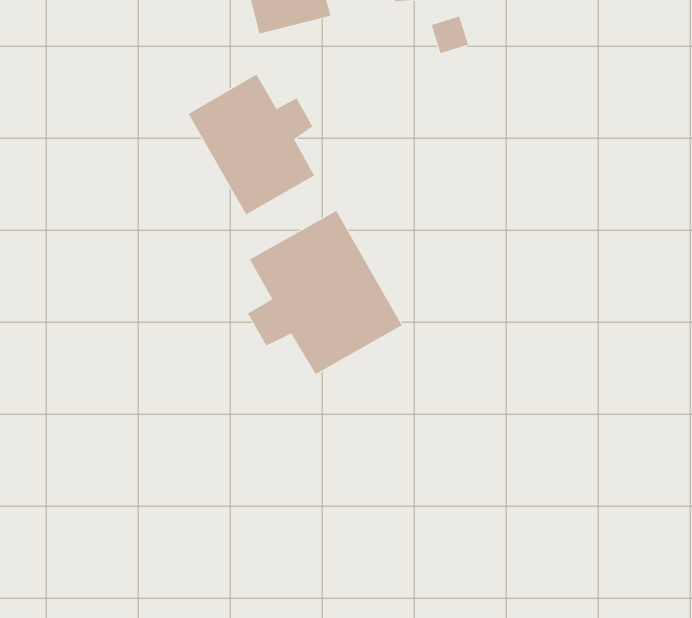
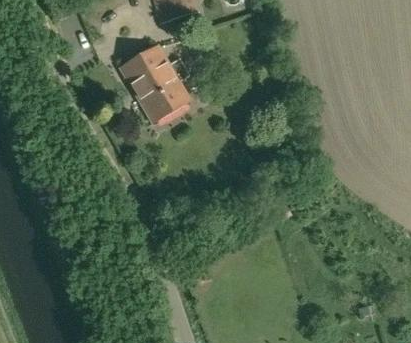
building: [247,210,403,375] -> none

